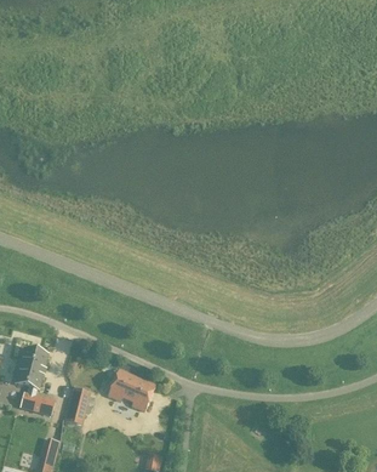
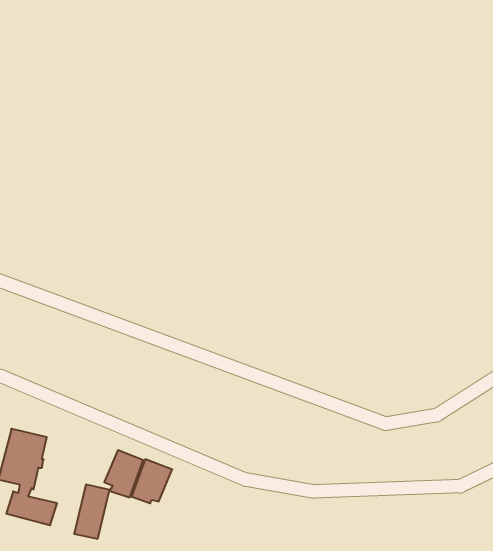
building: [127,376,155,410] -> [104,450,143,497]

